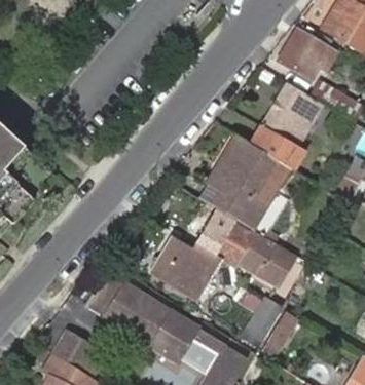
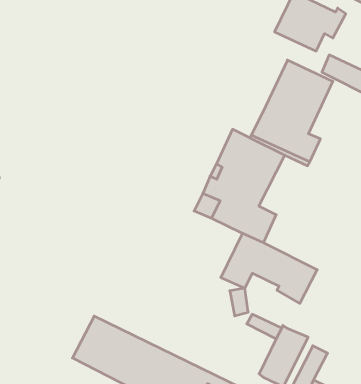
building: [143,207,234,292] -> none

